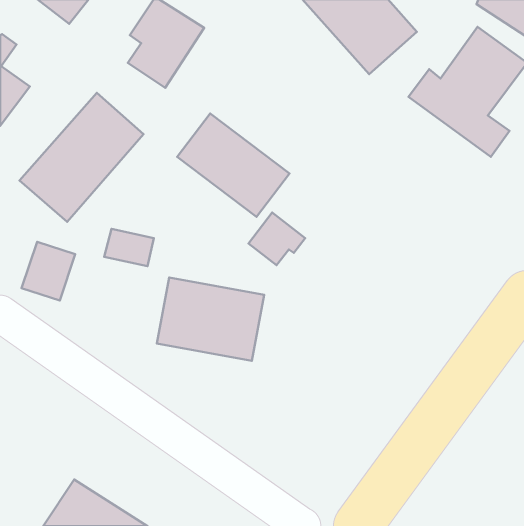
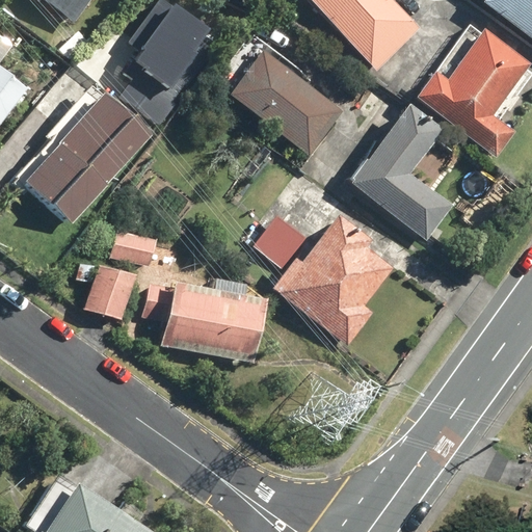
building: none -> [350,102,456,241]
building: [177,114,290,217] -> [229,50,342,154]
building: none -> [270,212,395,347]
building: [22,242,75,301] -> [84,263,138,322]

